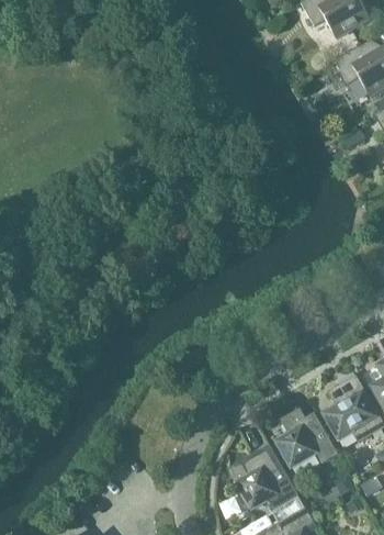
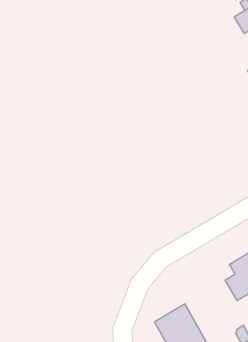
building: [275,412,337,468] -> none

